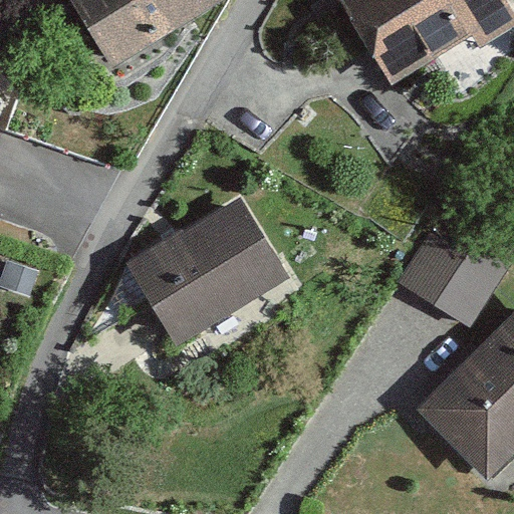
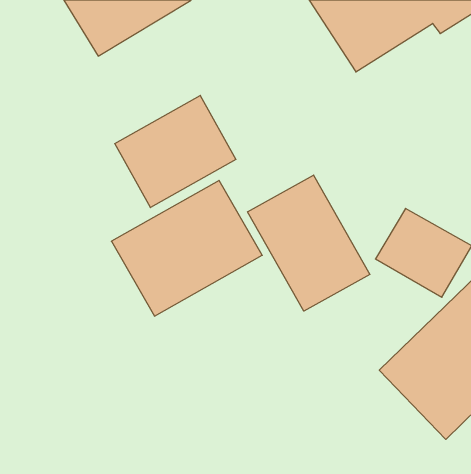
building: none -> [115,95,236,208]
building: none -> [248,175,370,311]

